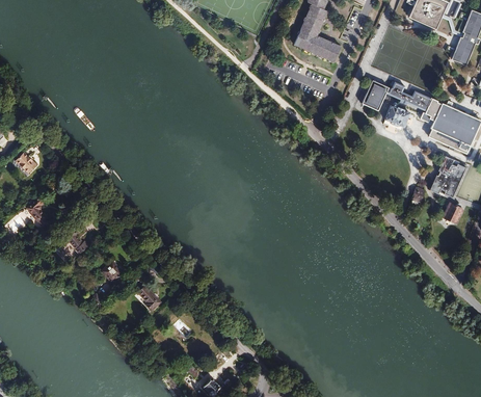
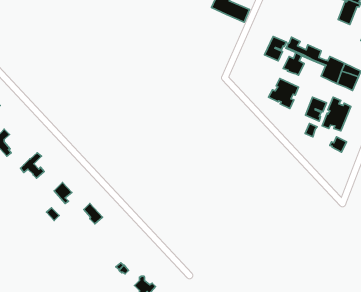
building: none -> [269,78,298,108]
building: none -> [305,97,327,121]

